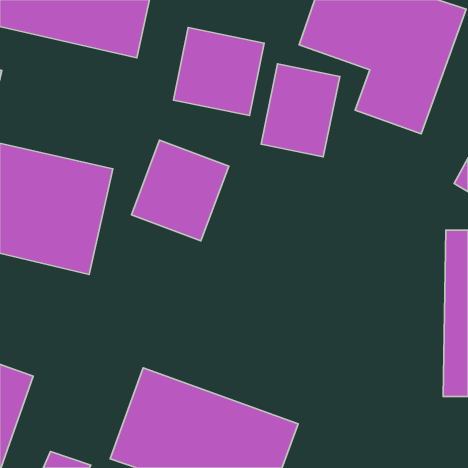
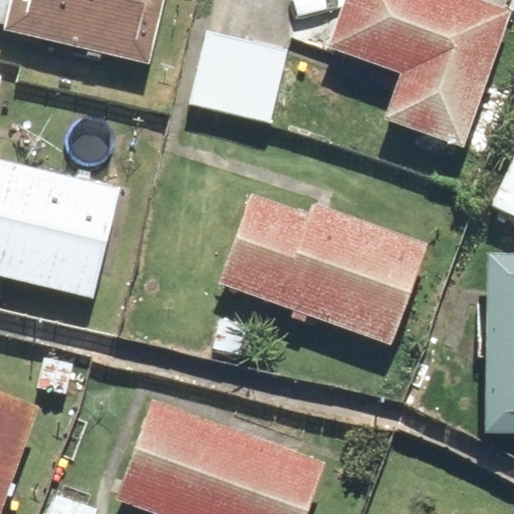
building: [261,64,340,157] -> none
building: [131,140,229,241] -> none
building: none -> [218,194,431,348]

